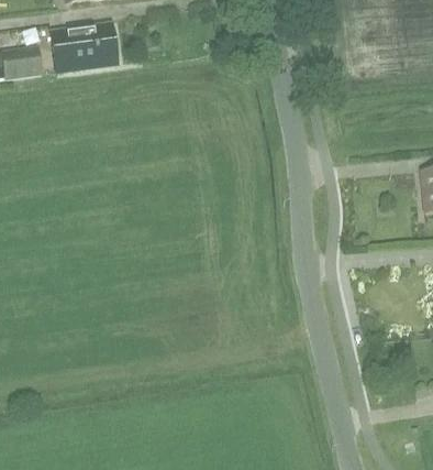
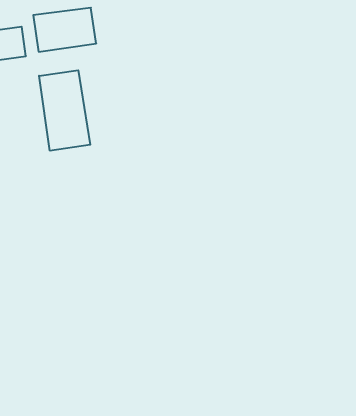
building: none -> [39,70,90,151]

